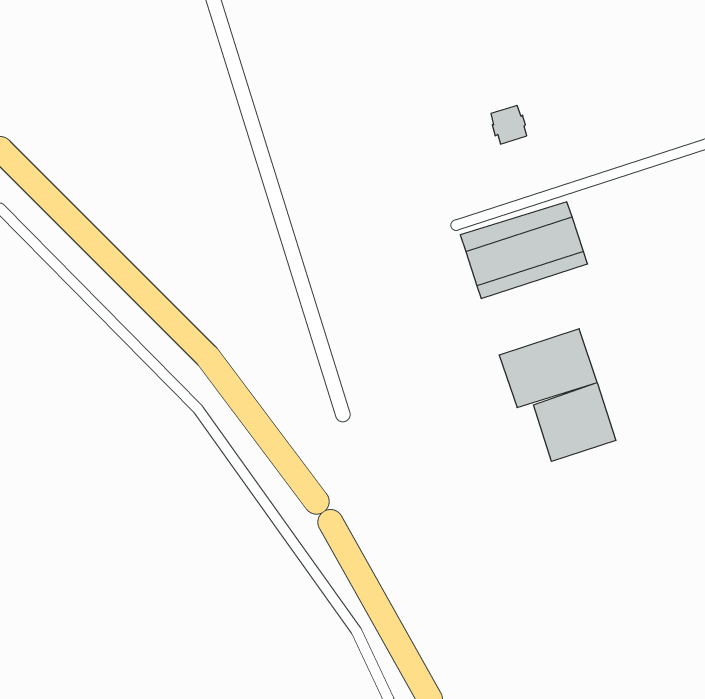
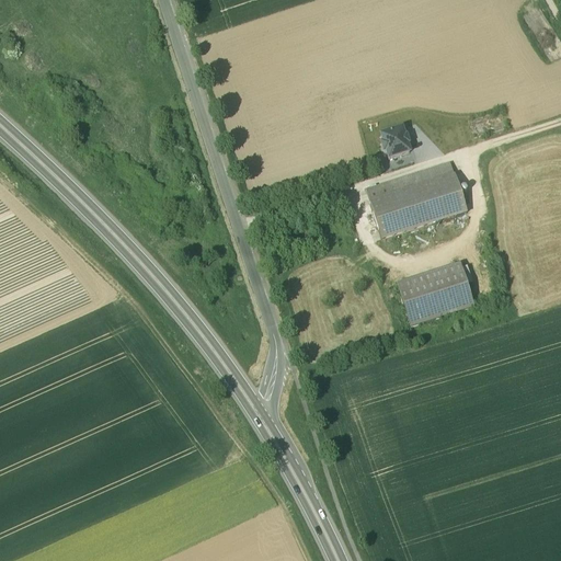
building: [491,105,527,144] -> [381,125,410,156]
building: [534,383,616,461] -> none

